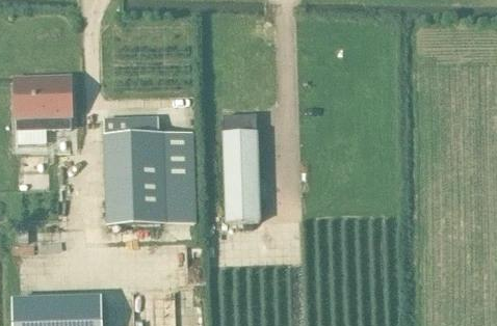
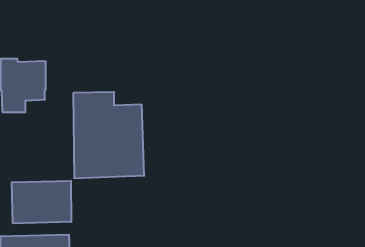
building: [223,114,259,221] -> none
building: none -> [12,181,71,223]

